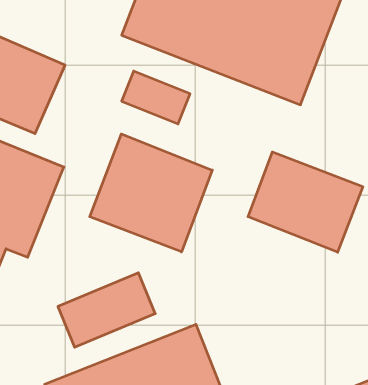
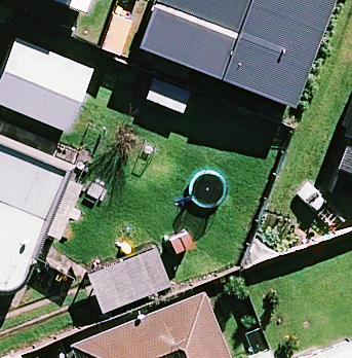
building: [90,134,212,252] -> none
building: [248,152,363,252] -> none

